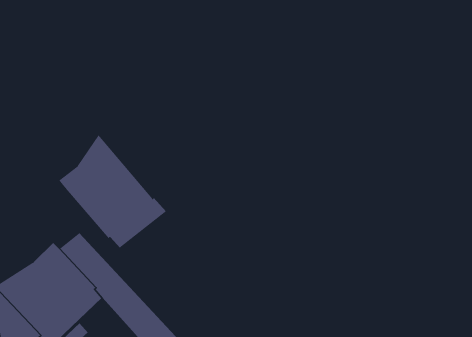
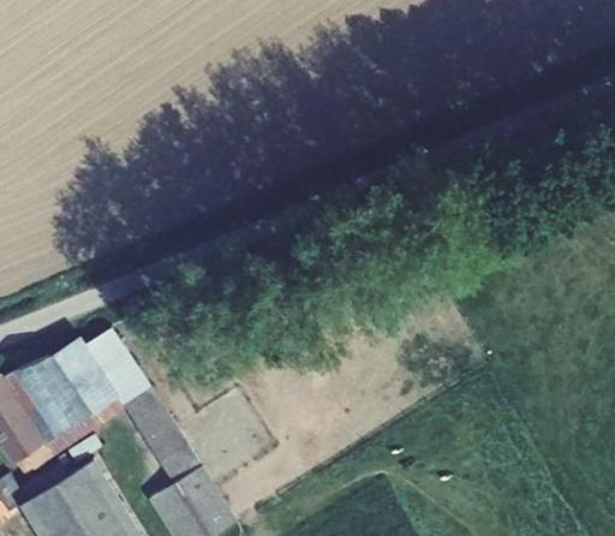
building: [58,135,167,249] -> none

